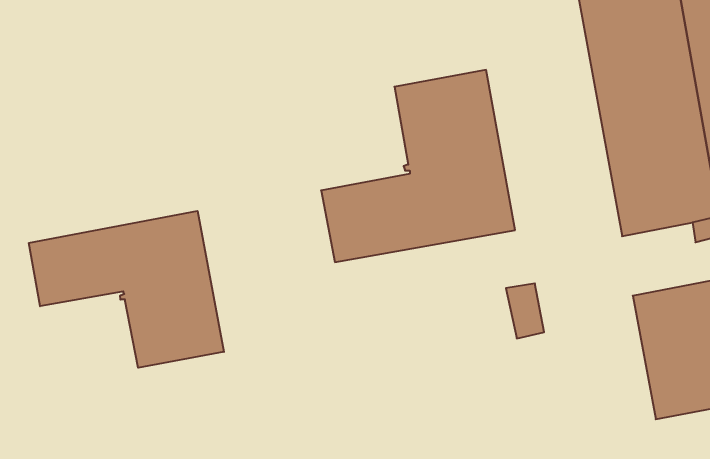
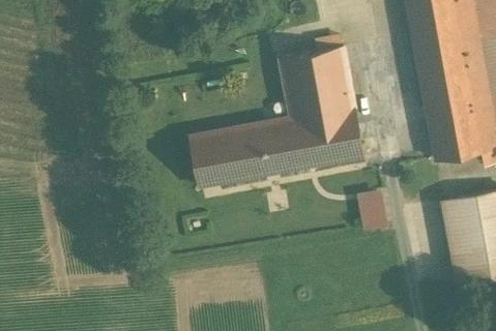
building: none -> [189,130,240,187]
building: [29,211,224,368] -> none

